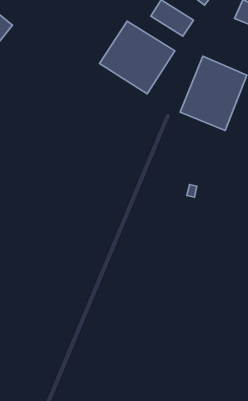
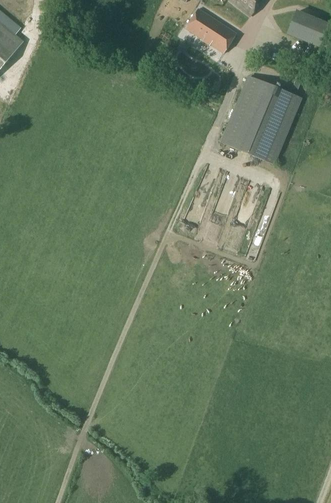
building: [99,21,175,94] -> none

